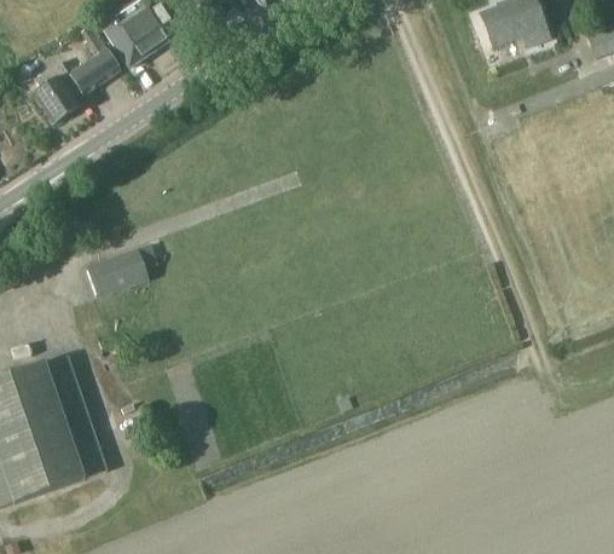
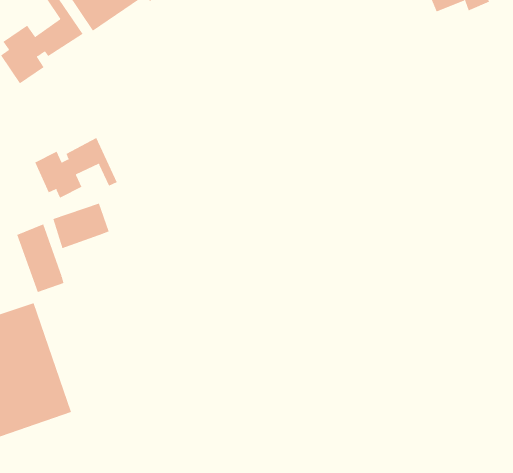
building: none -> [34,137,117,199]
building: none -> [17,223,64,293]

